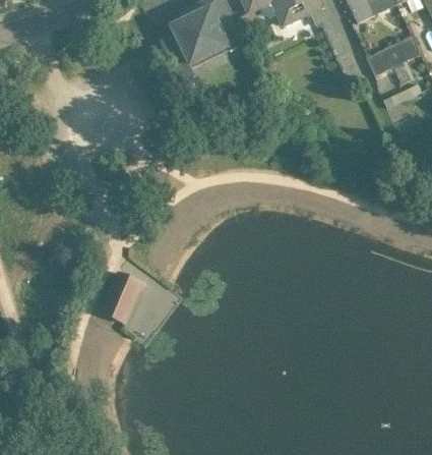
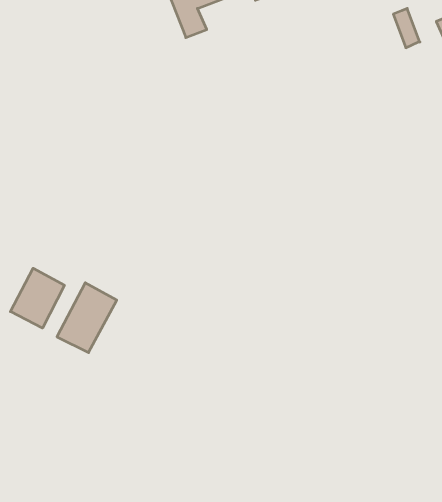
building: none -> [10,268,64,328]

